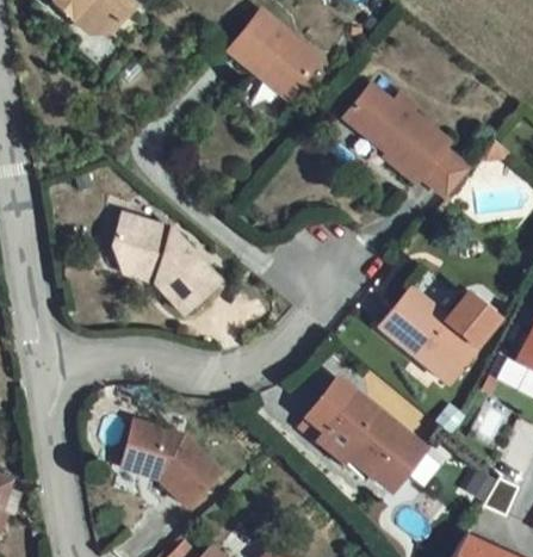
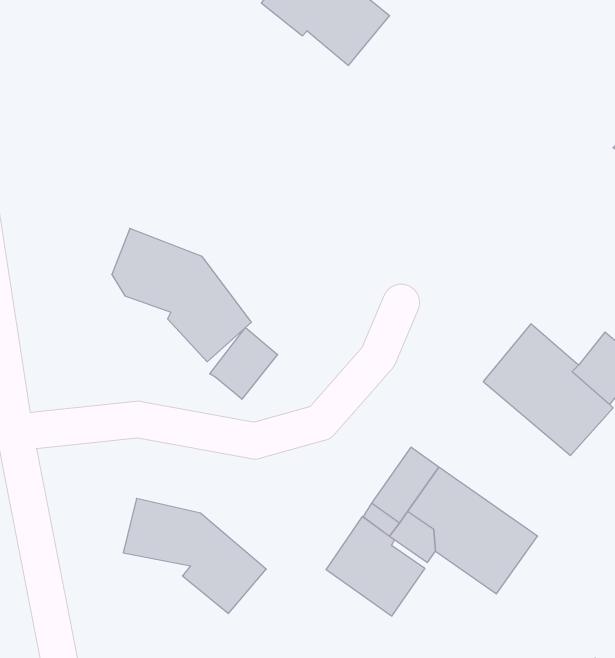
building: [341,89,464,205] -> none
building: none -> [210,327,278,399]
building: none -> [326,516,425,616]

